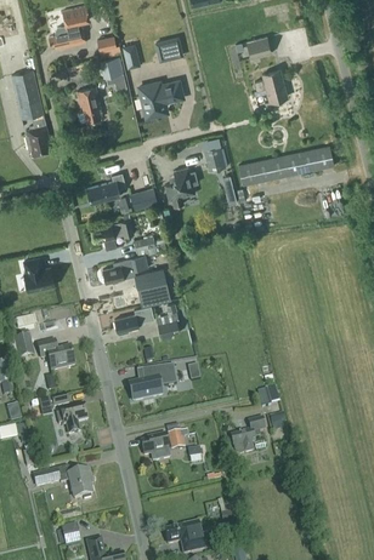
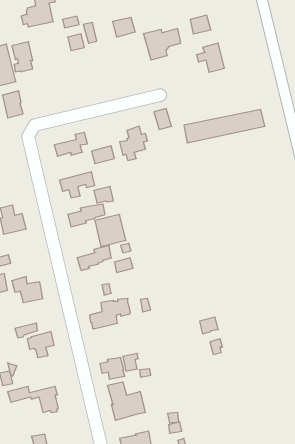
building: [138,79,182,115] -> [143,29,181,60]
building: [76,85,101,120] -> [12,42,33,72]
building: [231,417,266,453] -> none
building: none -> [108,382,145,420]

